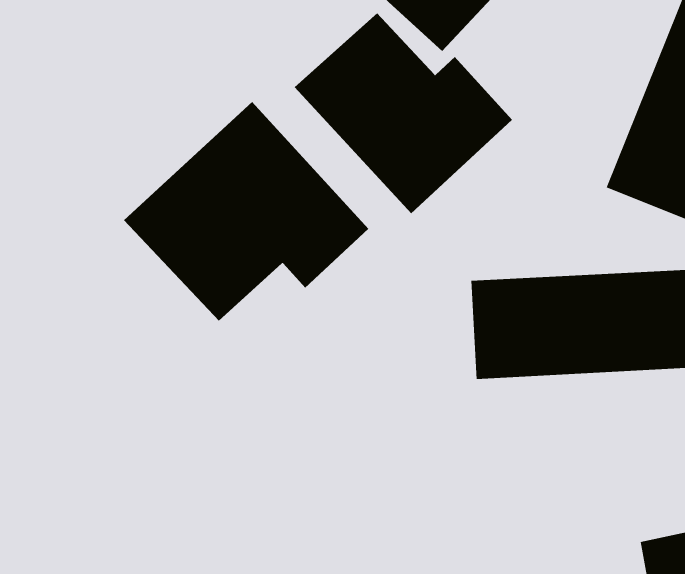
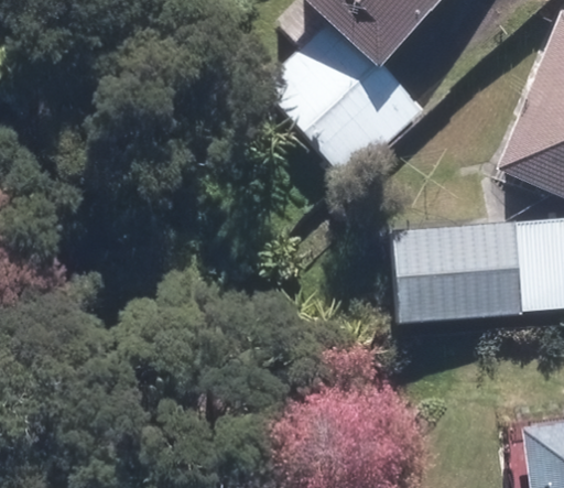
building: [123,101,369,322] -> none

